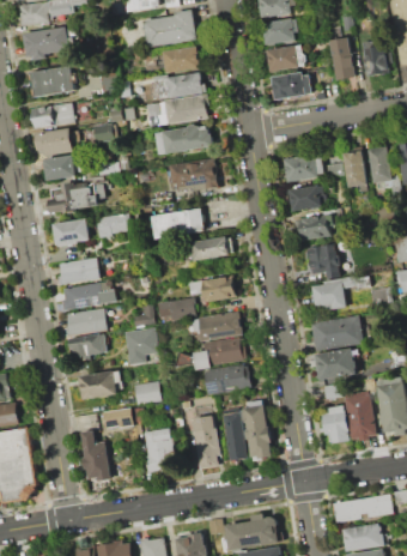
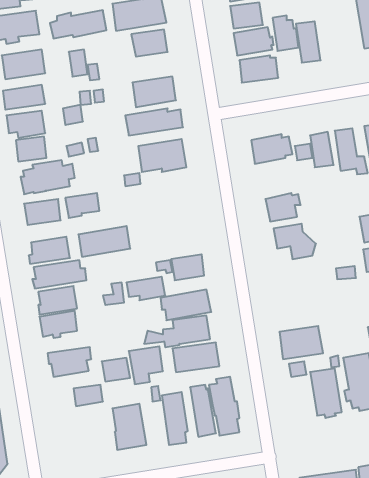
building: [362,40,388,75] -> [273,16,299,51]
building: [146,71,204,99] -> [50,10,106,38]
building: [290,185,328,211] -> none
building: [151,207,204,238] -> [78,226,130,257]
building: [190,235,230,260] -> none
building: [312,273,369,308] -> none
building: [310,315,363,351] -> none
building: [123,327,158,365] -> [129,346,163,384]
building: [322,404,350,443] -> none
building: [80,429,111,481] -> none

